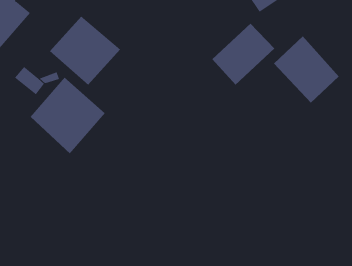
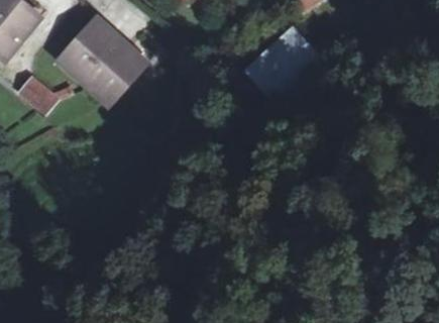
building: [273,35,340,104] -> none
building: [30,77,106,154] -> none

